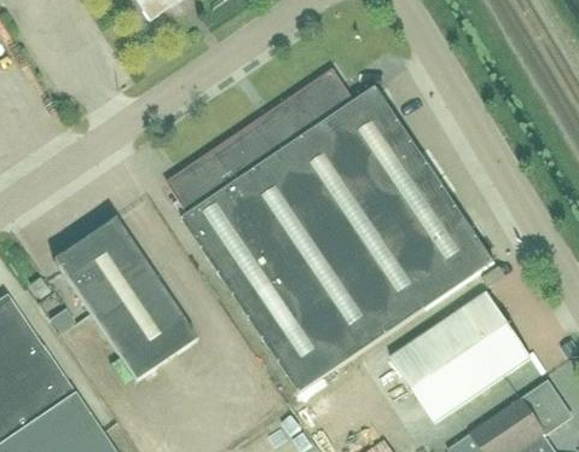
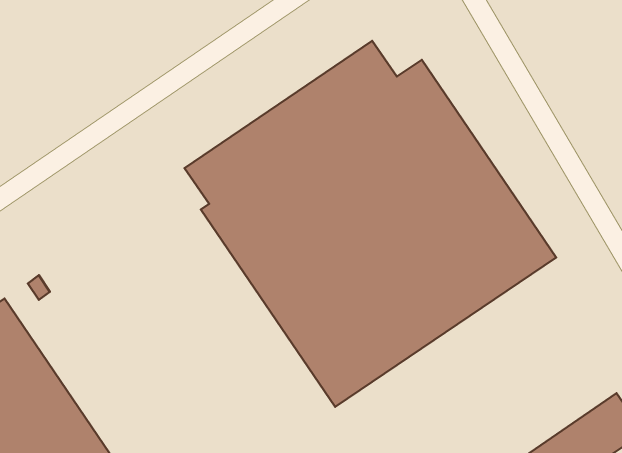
building: [52,218,196,381] -> none
building: [390,291,531,422] -> none

